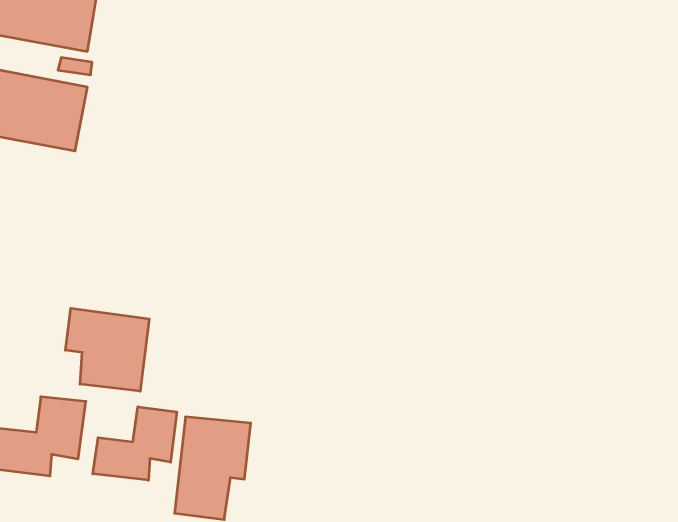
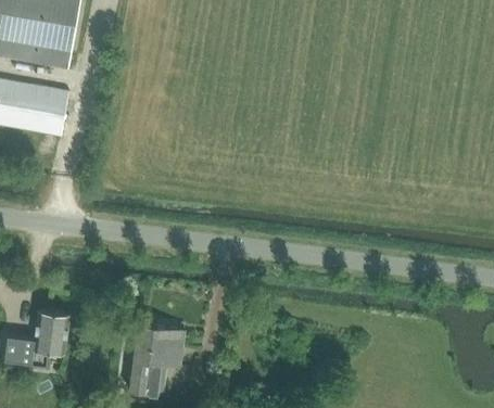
building: [65,308,149,391] -> none
building: [93,407,177,480] -> none

